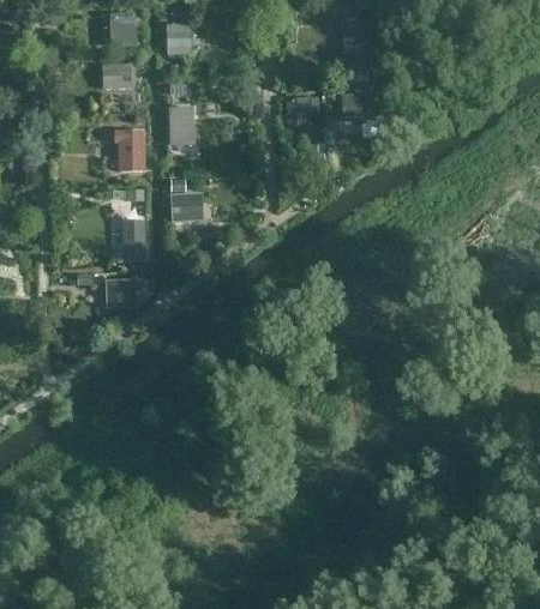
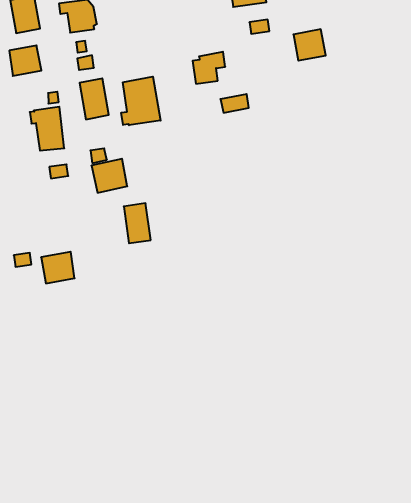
building: [343,94,373,122] -> [293,29,326,61]
building: none -> [121,77,161,125]
building: [122,221,145,259] -> [124,203,151,243]

